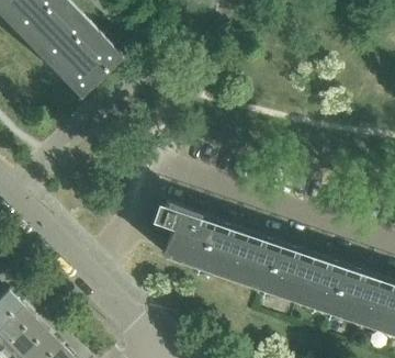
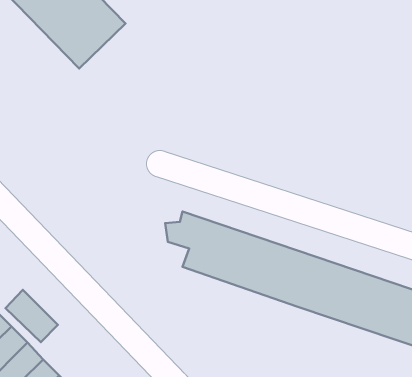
building: none -> [6,290,58,342]

